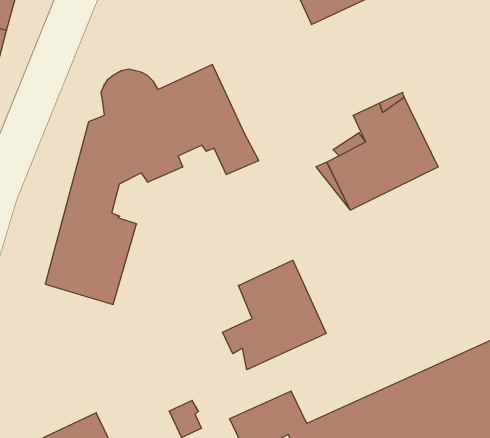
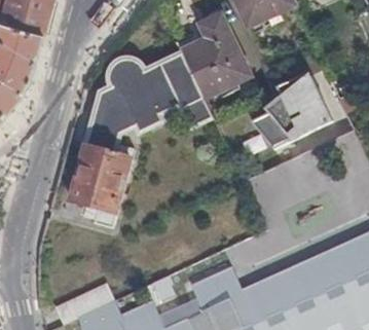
building: none -> [181,14,250,99]
building: [223,260,326,370] -> none

